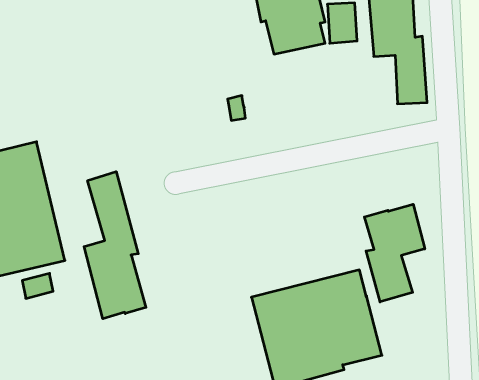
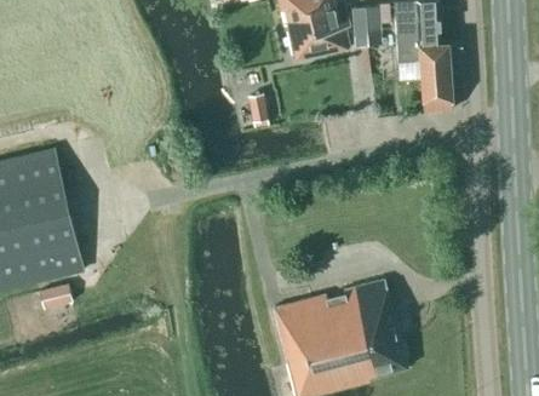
building: [84,172,146,319] -> none
building: [364,204,425,302] -> none

